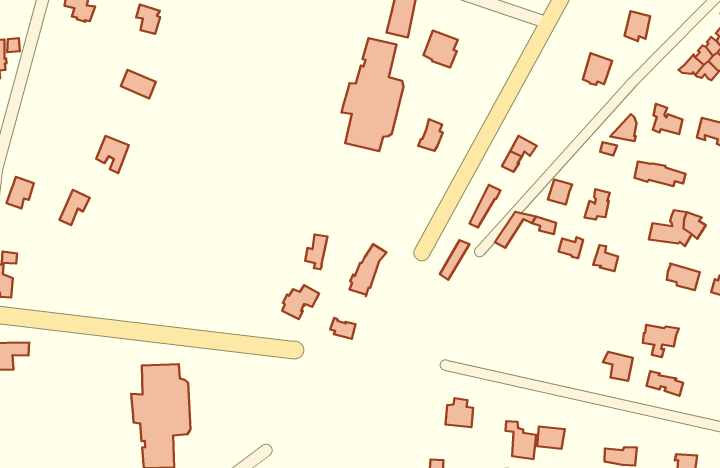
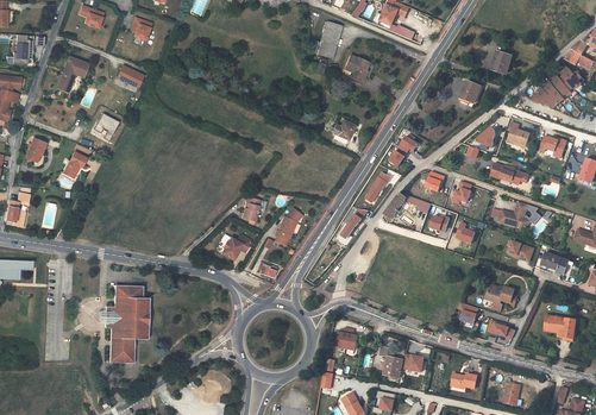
building: [341,38,404,151] -> none
building: none -> [56,56,87,92]

